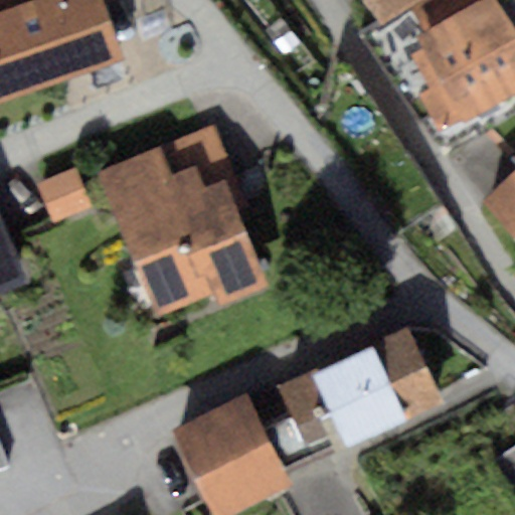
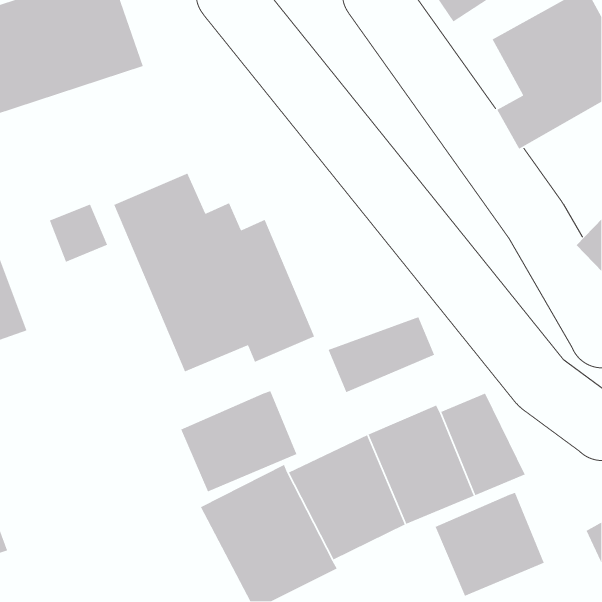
building: none -> [328,316,435,393]
building: none -> [180,390,297,493]
building: none -> [434,492,545,597]

